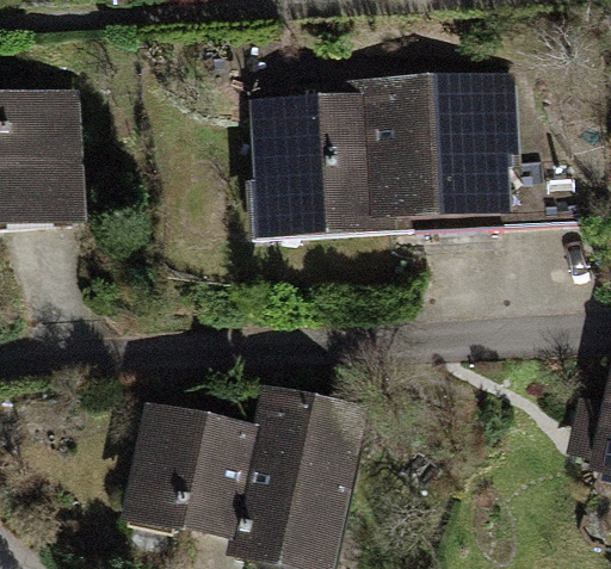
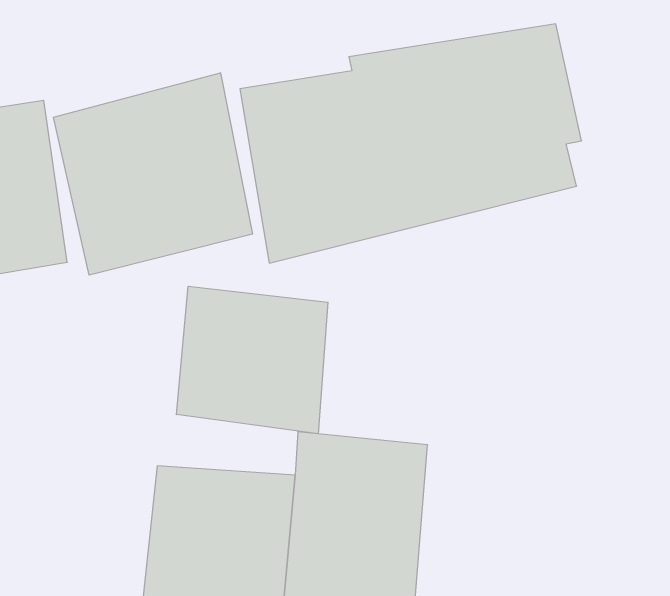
building: none -> [54,73,253,275]
building: none -> [176,286,328,434]

